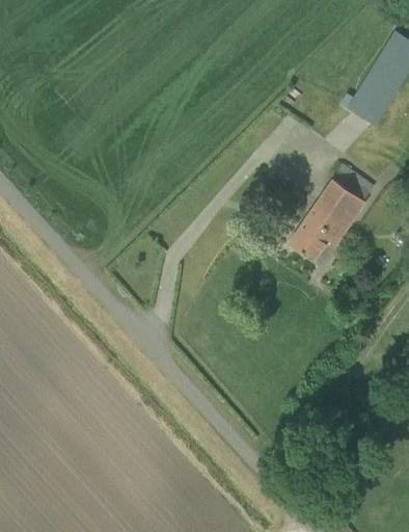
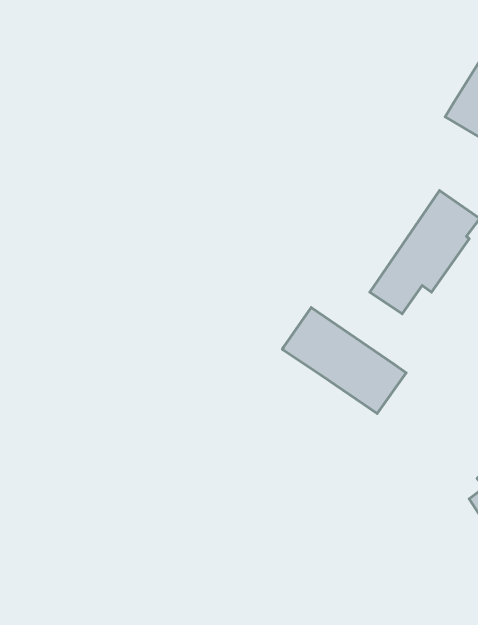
building: none -> [283,307,406,413]

